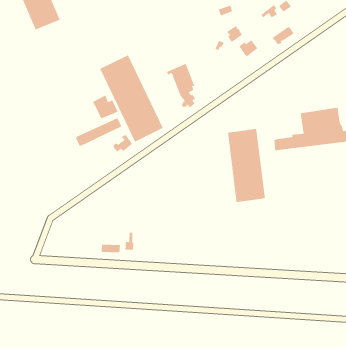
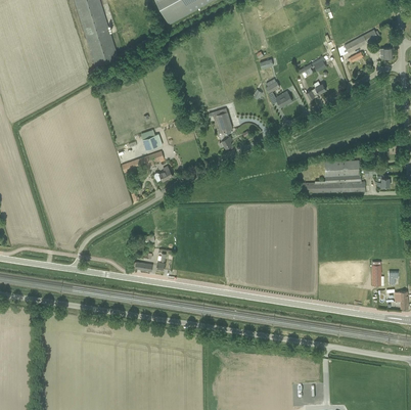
building: [99,54,163,142] -> none
building: [227,128,265,203] -> none

